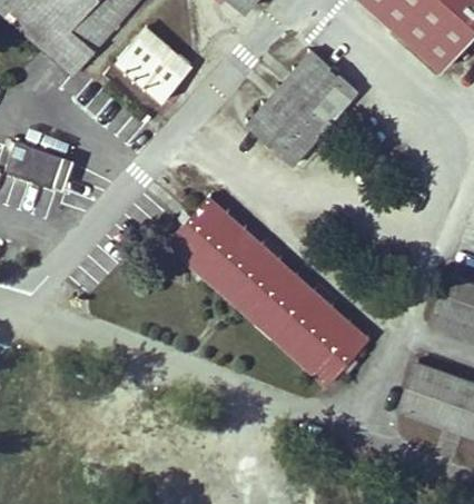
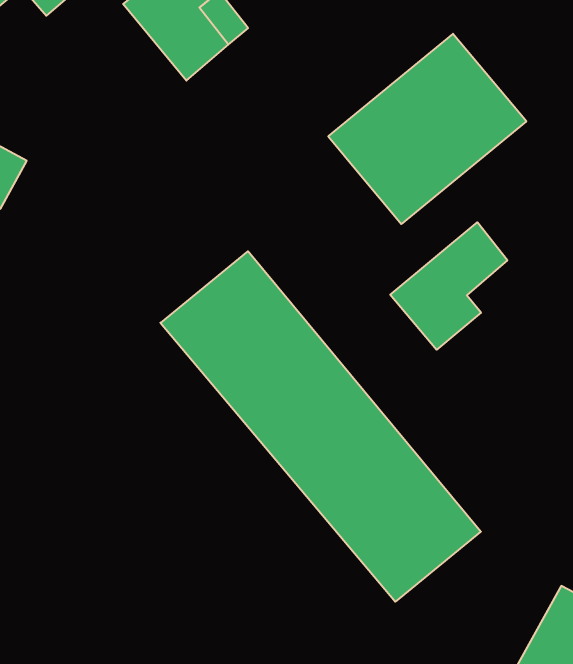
building: none -> [390,222,507,350]

